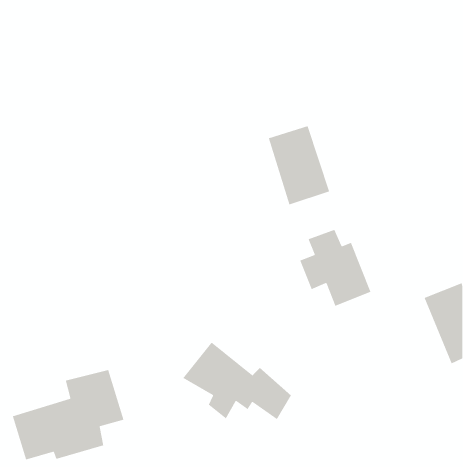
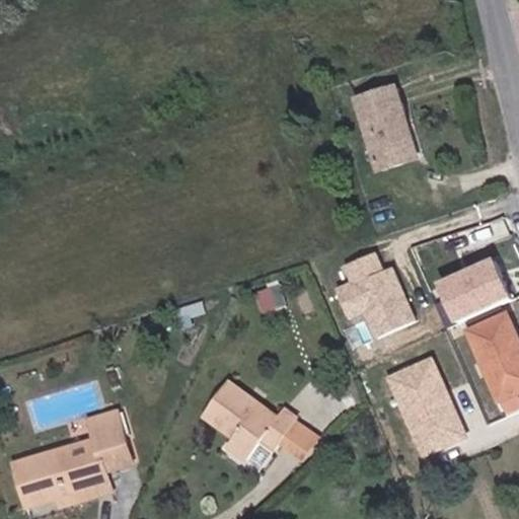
building: [268,125,330,206] -> [357,84,426,173]
building: none -> [431,258,501,320]
building: none -> [378,357,465,460]

